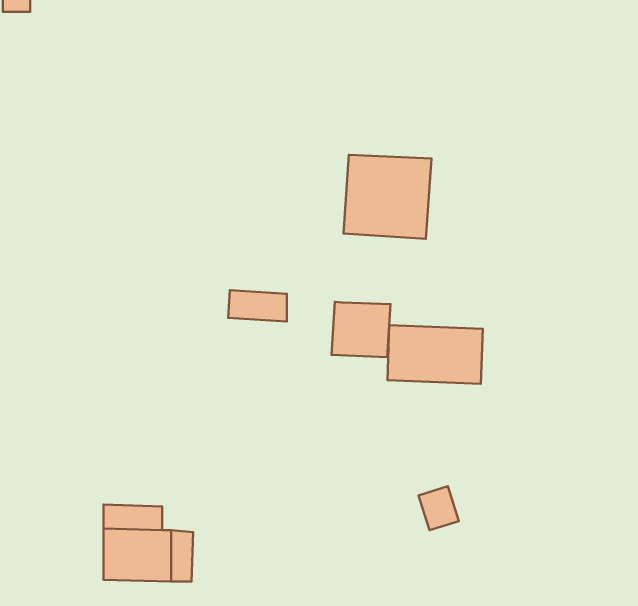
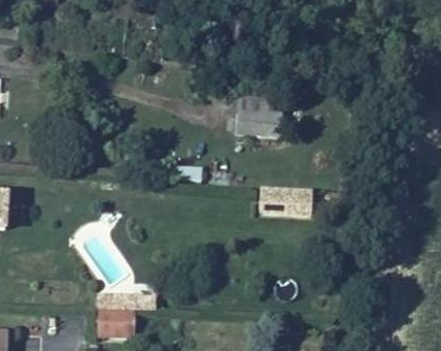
building: [331,302,390,357] -> none

